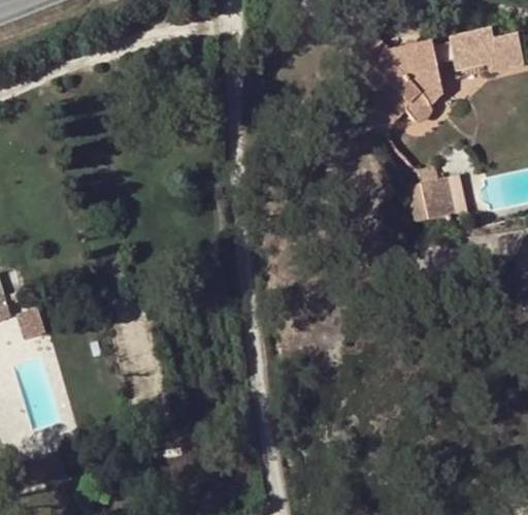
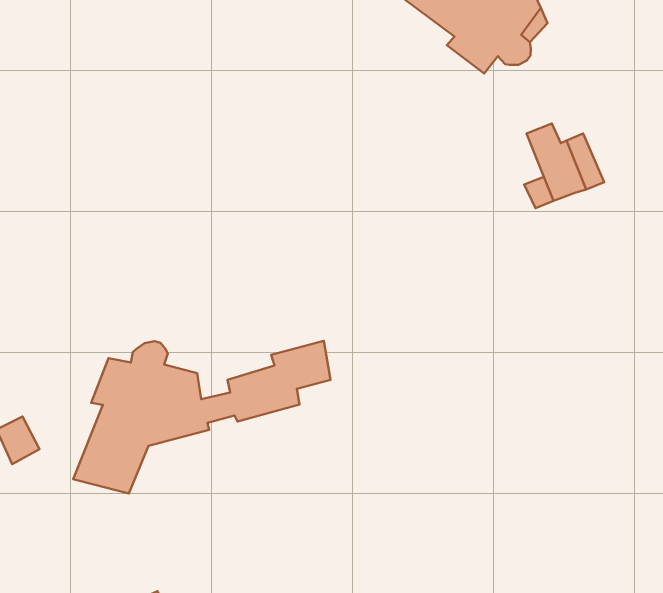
building: none -> [73,341,330,493]

